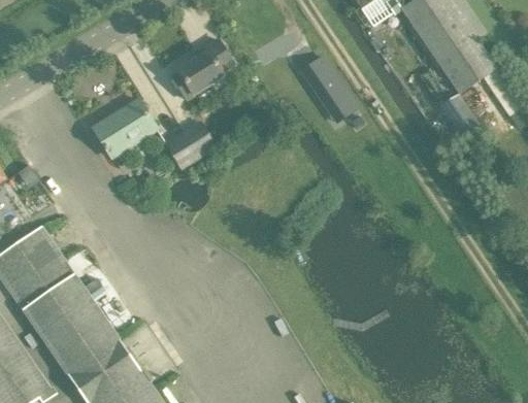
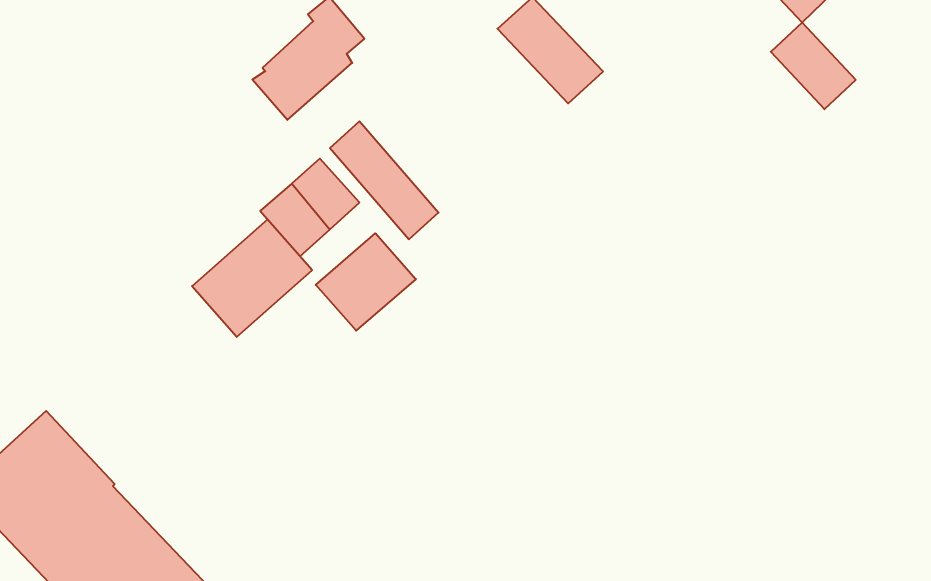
building: [94,98,157,156] -> [192,219,312,337]
building: none -> [330,121,439,239]
building: none -> [316,233,416,331]

